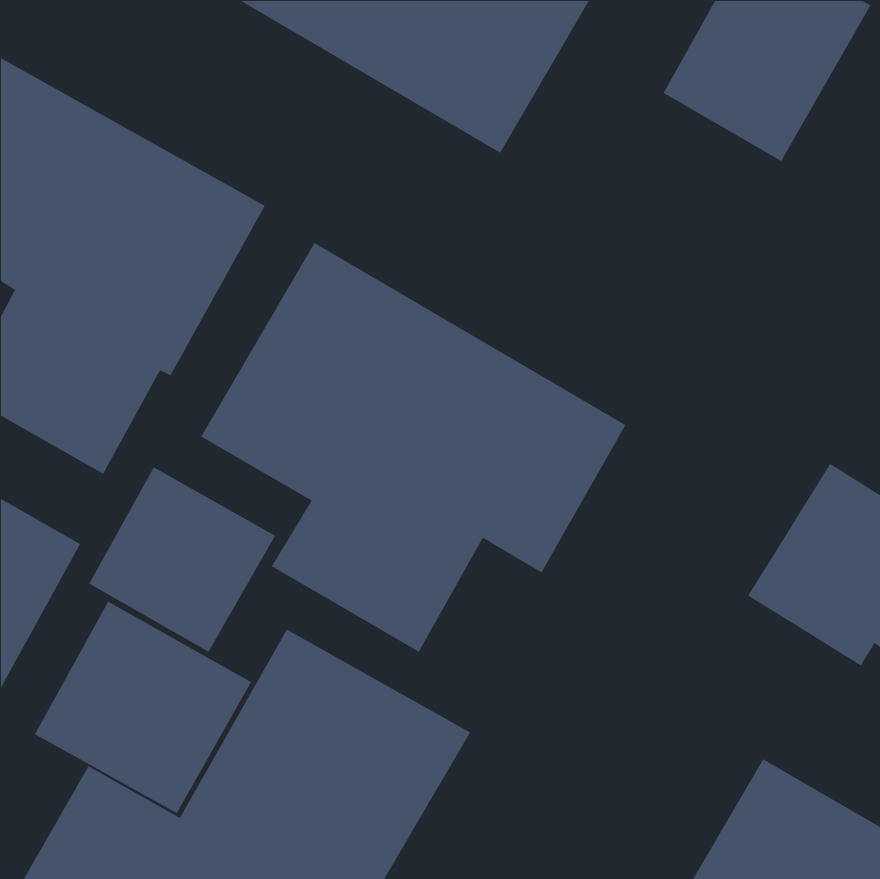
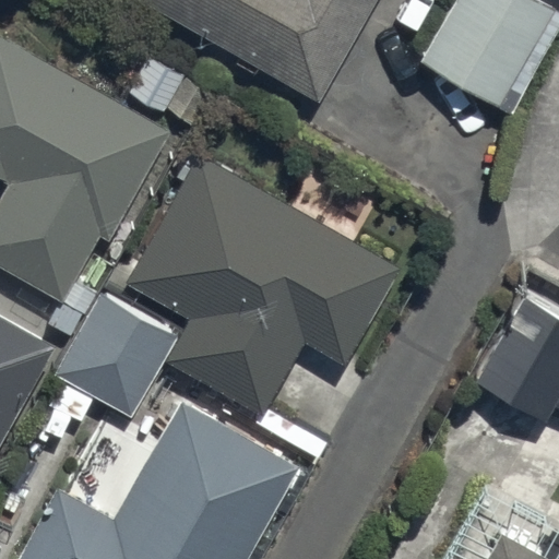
building: [34,601,252,814] -> none

